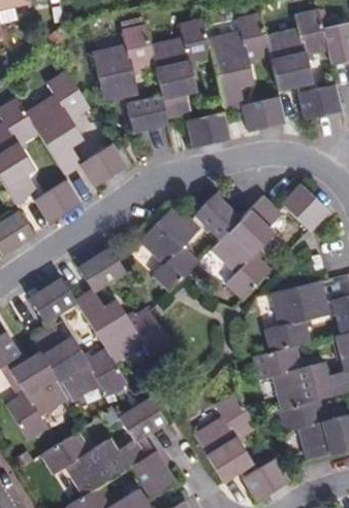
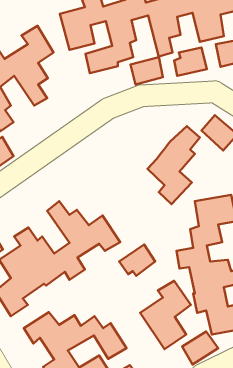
building: [81,143,125,189] -> none
building: [36,180,82,224] -> none
building: [139,187,244,291] -> none
building: [78,250,125,290] -> none
building: [31,278,76,323] -> none
building: [118,392,164,432] -> [119,244,155,276]

